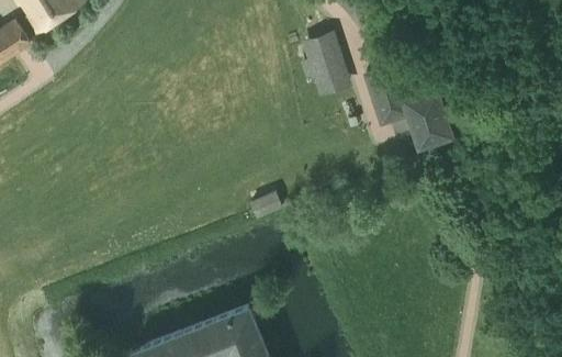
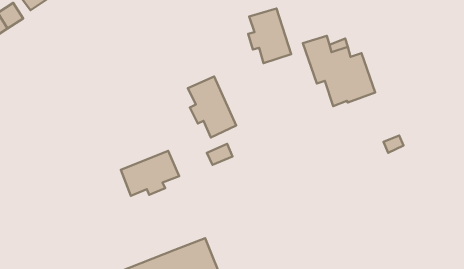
building: none -> [188,77,236,138]
building: none -> [121,151,179,196]

